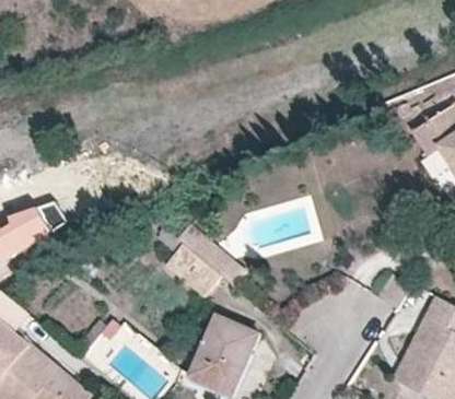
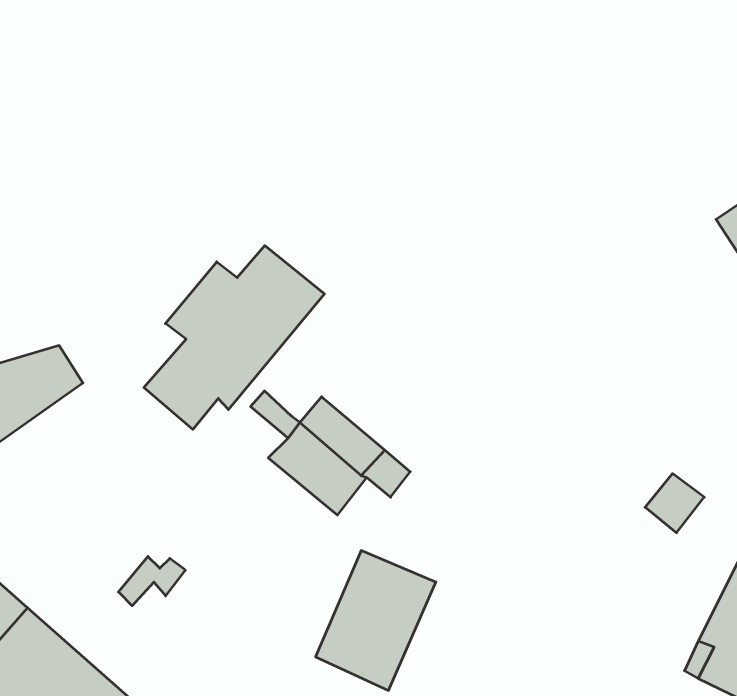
building: none -> [144,246,324,429]

